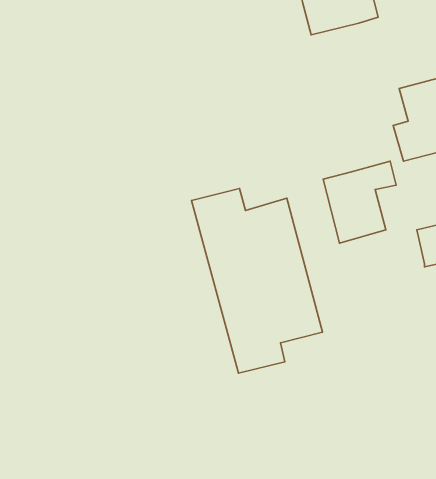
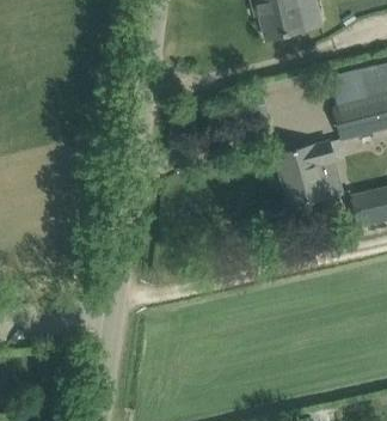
building: [191,188,323,373] -> none

